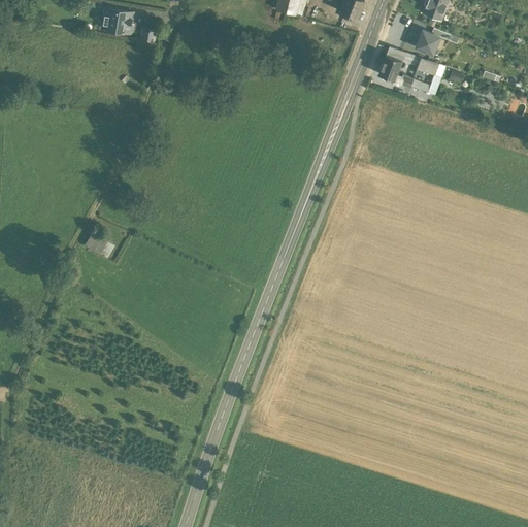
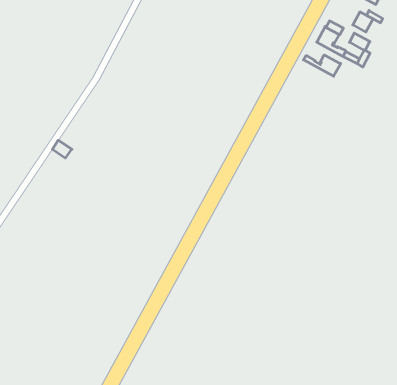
building: none -> [303,55,341,76]

